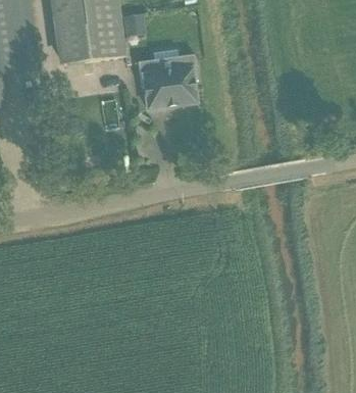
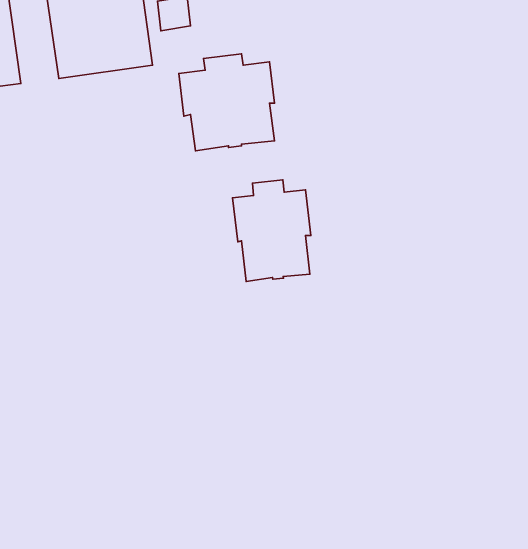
building: none -> [232,180,311,281]

